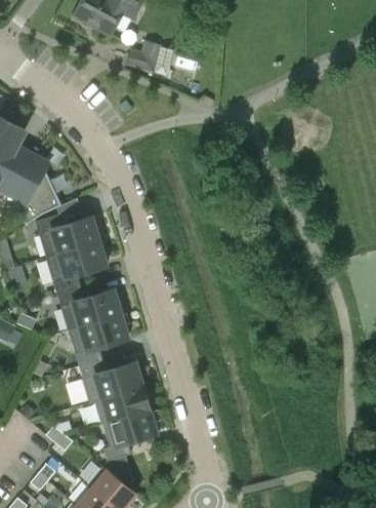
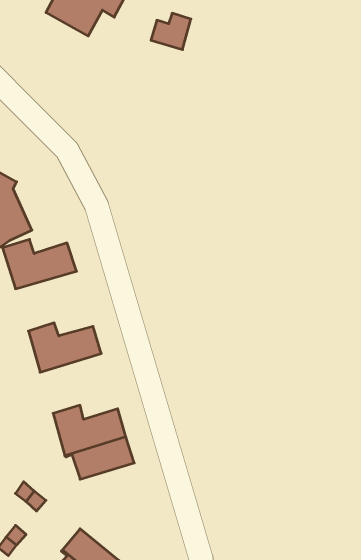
building: [125,41,160,73] -> [151,13,191,50]
building: [46,241,107,294] -> none
building: [68,313,128,365] -> none
building: [102,408,157,461] -> none

